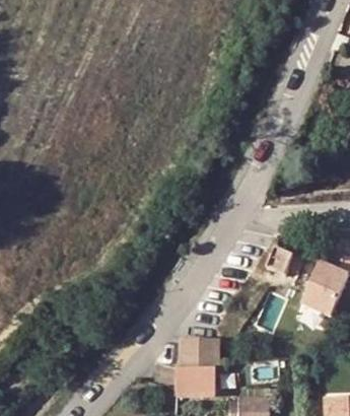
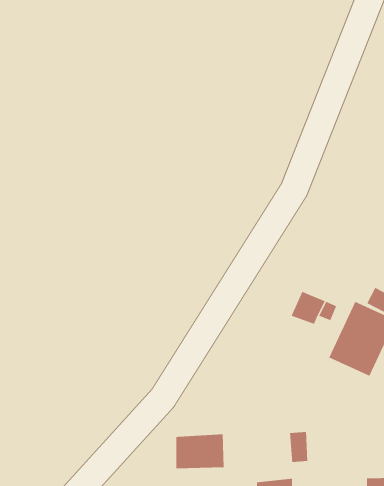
building: [178,337,216,366] -> none

